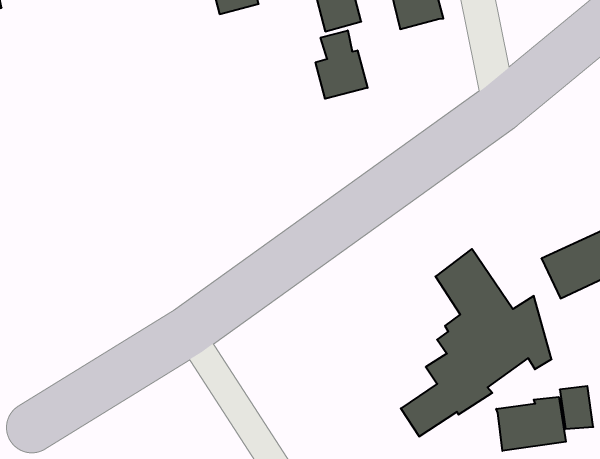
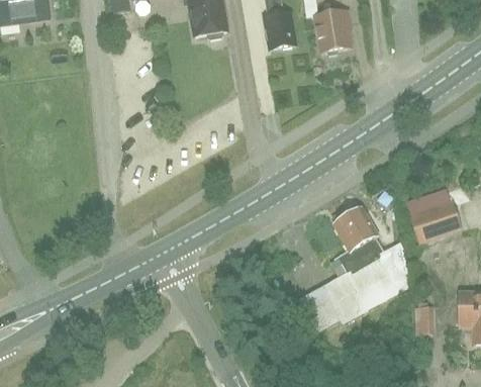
building: [316,30,368,99] -> none
building: [496,397,566,451] -> none

